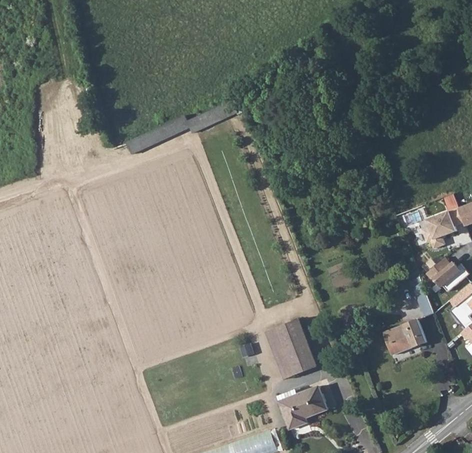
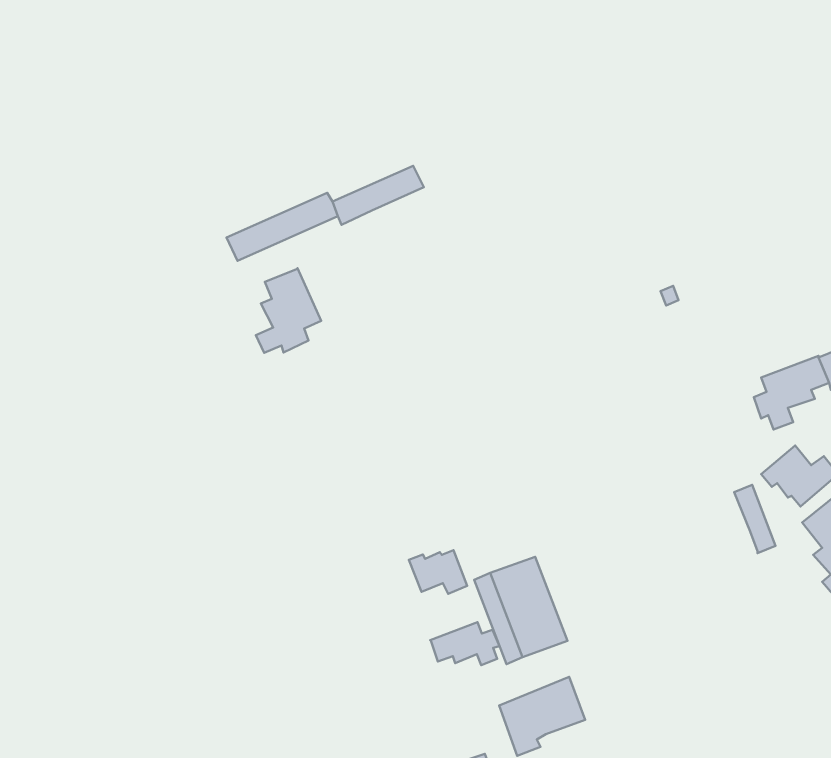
building: none -> [256,268,321,353]
building: none -> [409,550,467,594]
building: [383,318,427,355] -> none
building: none -> [430,622,499,665]

